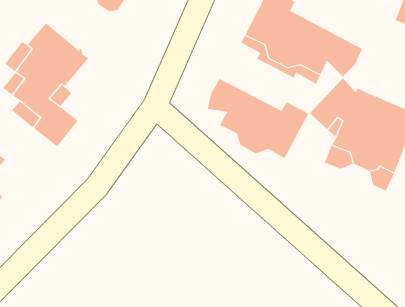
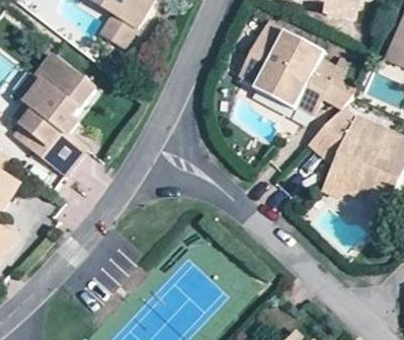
building: [207,78,309,159] -> none

